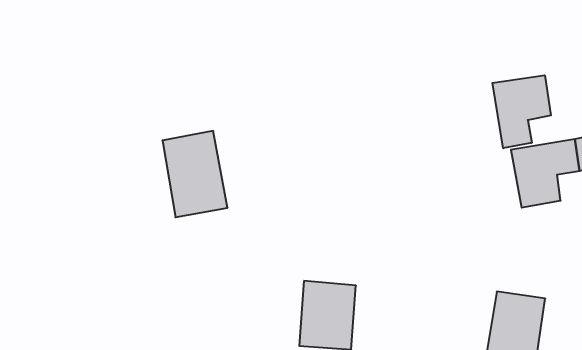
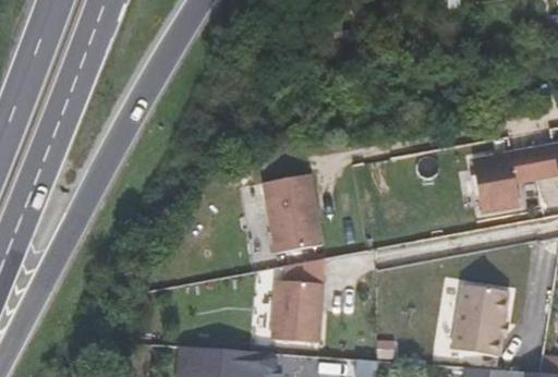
building: [492,75,551,148] -> none
building: [162,131,228,217] -> [264,172,324,252]

